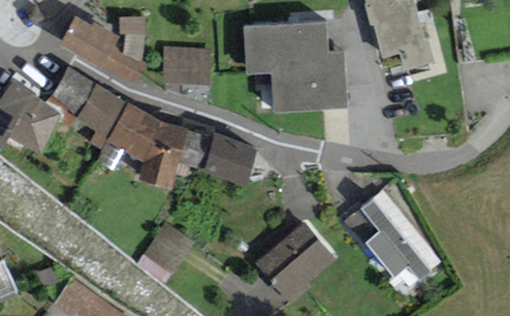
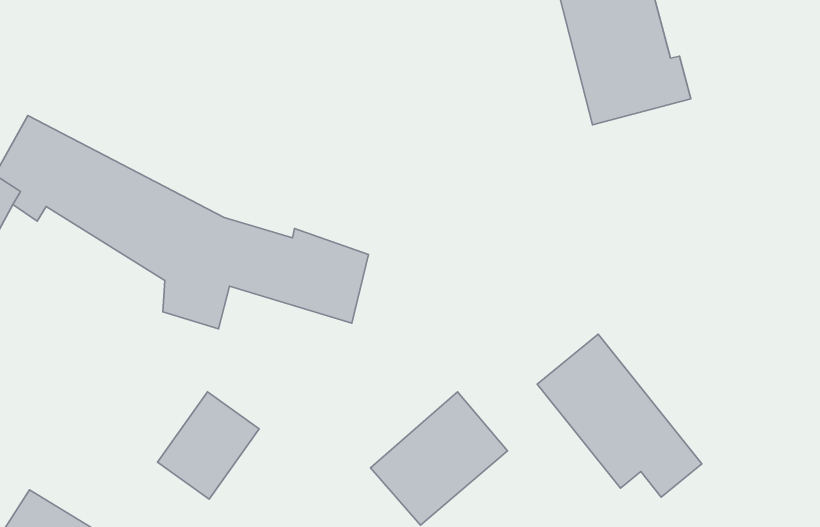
building: [59,17,145,85] -> none
building: [241,21,349,112] -> none
building: [160,46,210,85] -> none

